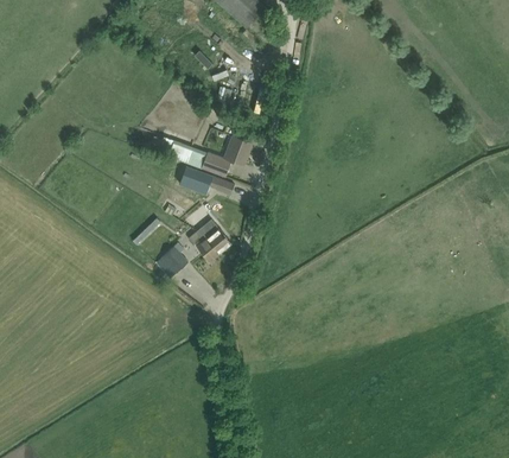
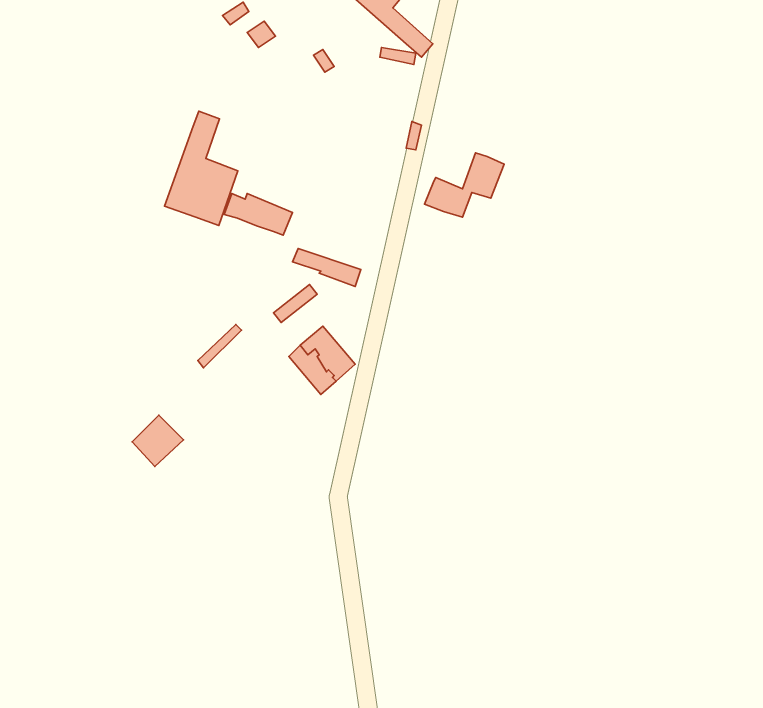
building: none -> [165,111,238,225]
building: [202,135,252,176] -> [424,153,504,217]
building: [157,246,189,278] -> [132,415,183,466]

